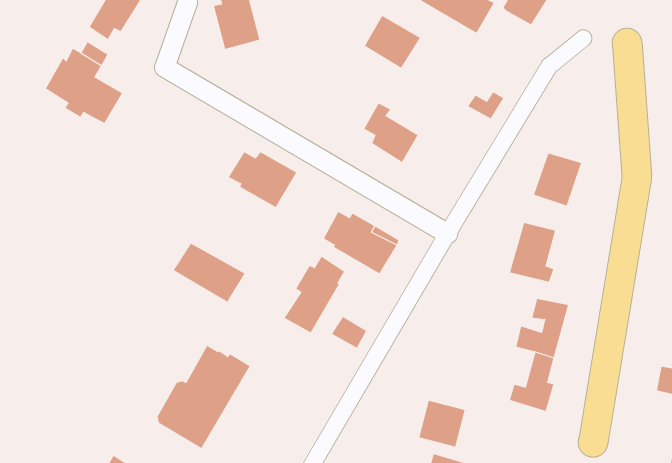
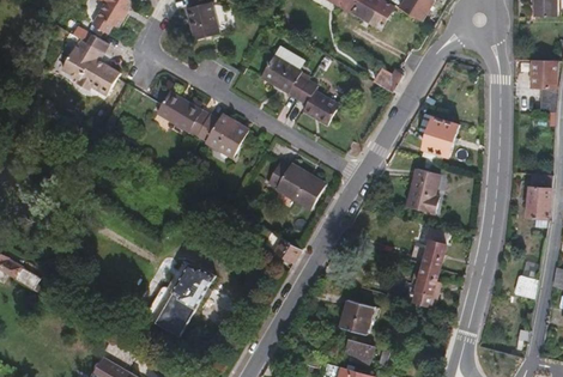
building: [364,15,421,68] -> [260,54,302,93]
building: [173,243,246,303] -> [155,93,208,138]
building: [284,256,345,333] -> none

